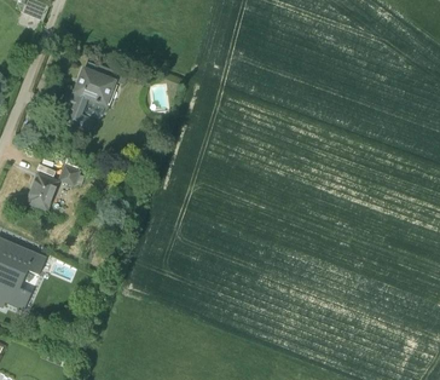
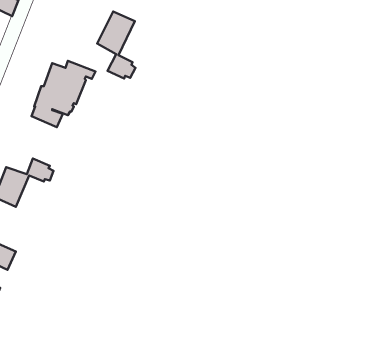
building: none -> [97,11,135,79]

